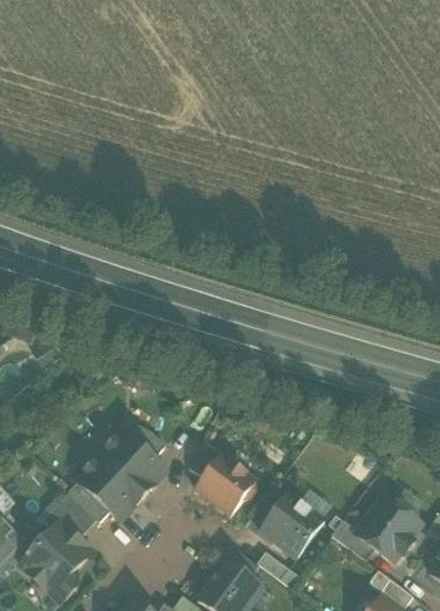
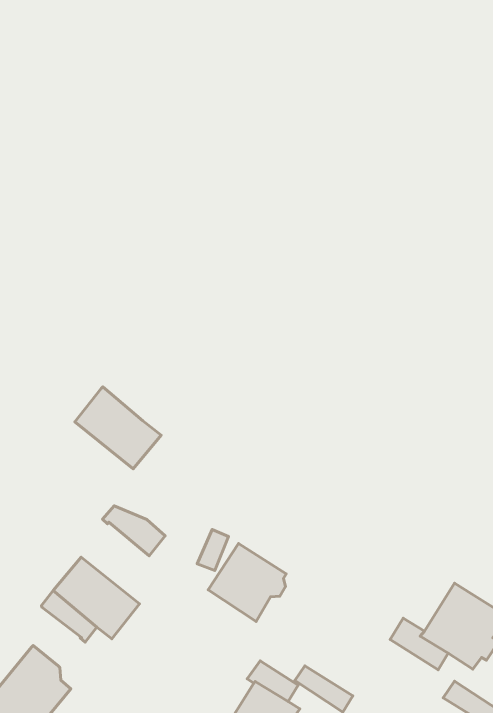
building: [99,432,163,496] -> [75,387,161,469]
building: [47,493,94,539] -> none
building: [257,493,322,557] -> none

